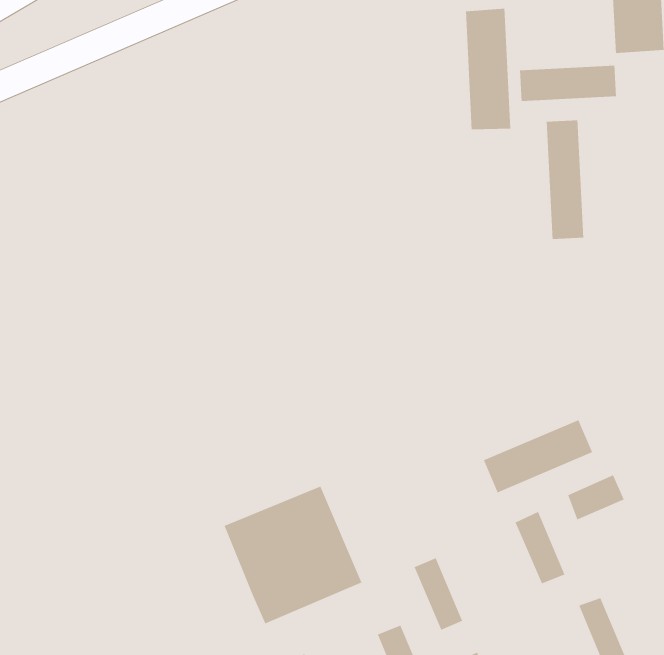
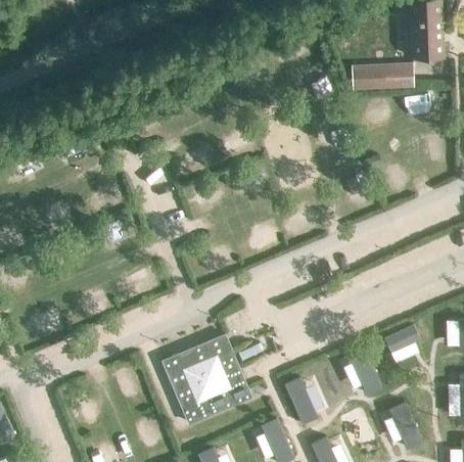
building: [465,8,511,130] -> none
building: [546,120,584,240] -> none
building: [483,419,593,493] -> none

